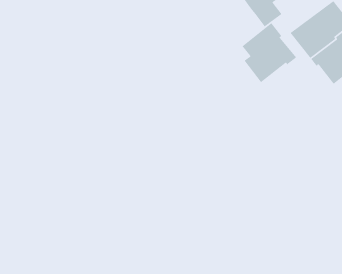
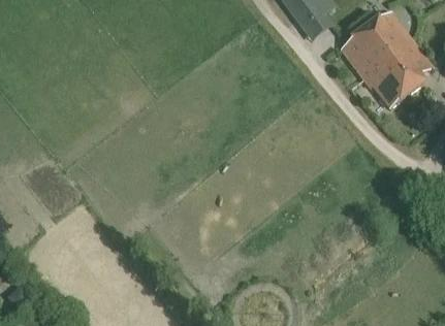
building: [242,22,297,83] -> none

